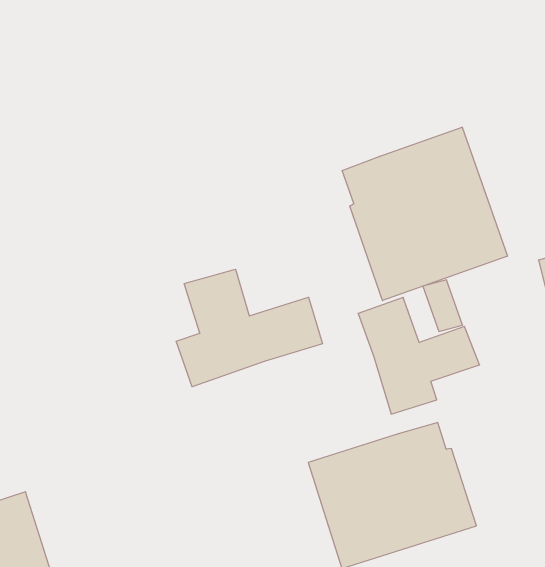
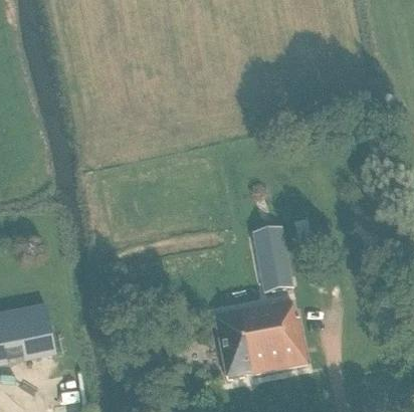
building: [342,127,507,301] -> none
building: [176,269,322,387] -> none

